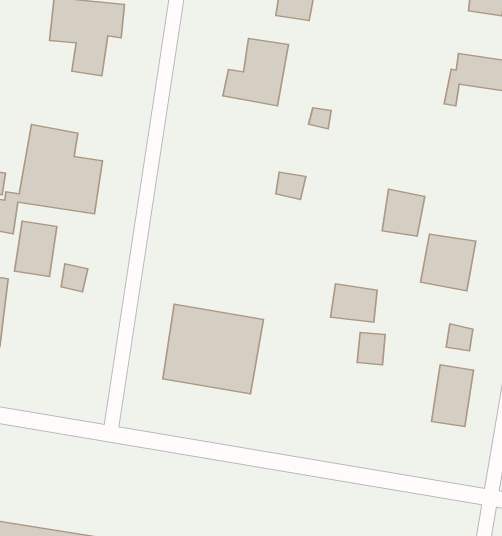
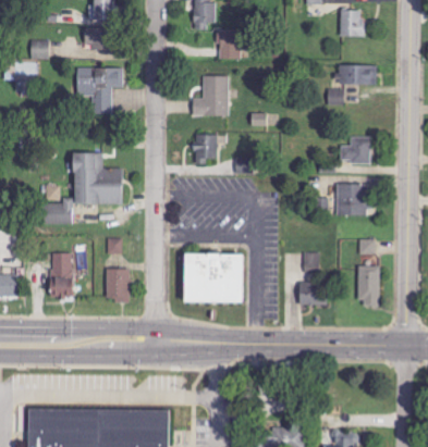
building: none -> [194,134,227,164]
building: [382,189,425,236] -> [346,136,370,163]
building: [14,221,57,276] -> [106,269,129,301]
building: [331,284,377,322] -> [298,284,327,306]

